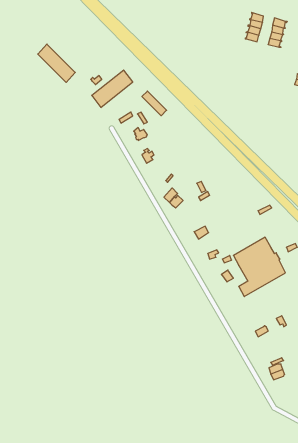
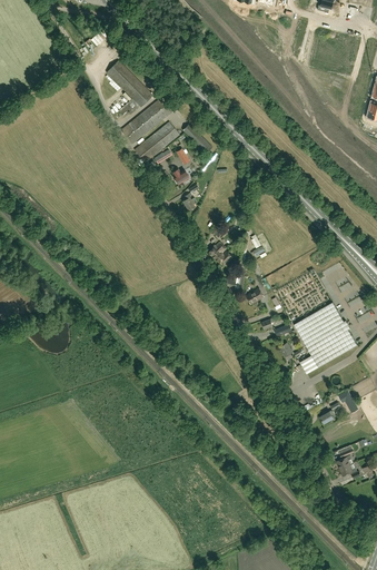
building: [38,44,75,82] -> [107,60,152,107]
building: none -> [135,121,180,163]

